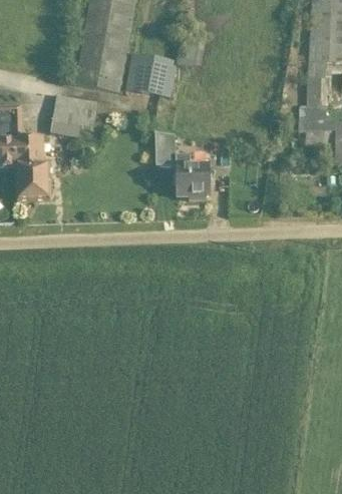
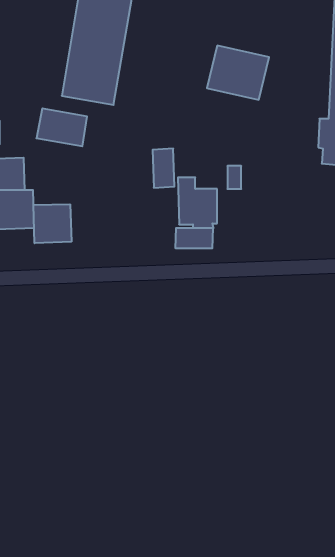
building: [123,48,178,95] -> [207,46,269,100]
building: none -> [33,204,71,243]
building: none -> [176,228,213,248]

